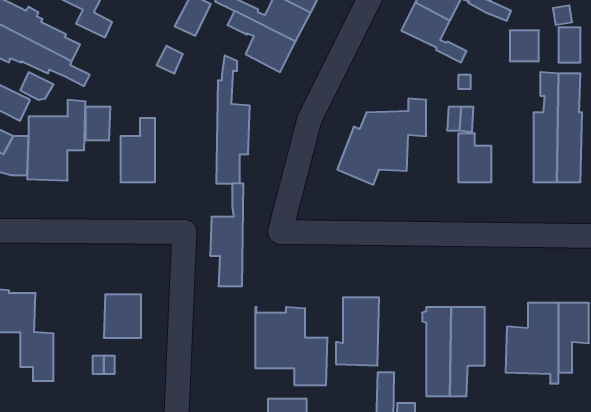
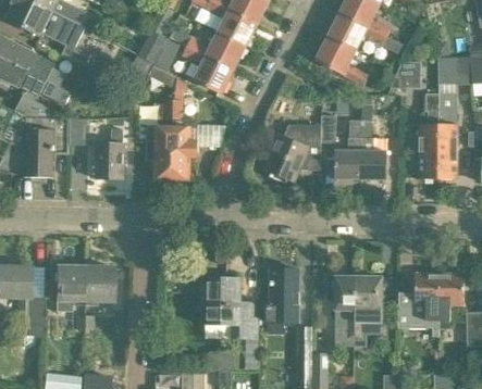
building: none -> [334,140,360,178]
building: [210,183,243,286] -> [146,99,172,179]
building: none -> [54,265,84,311]

